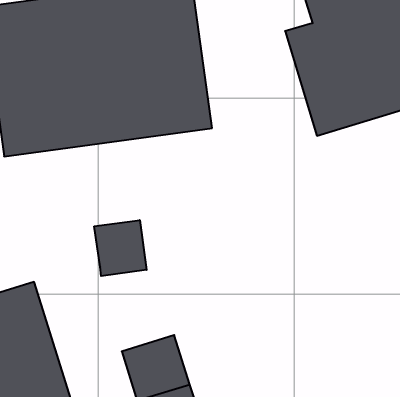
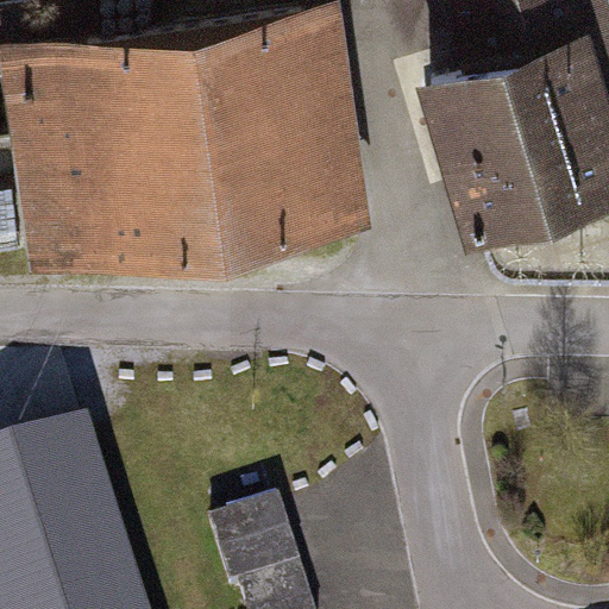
building: [94,220,147,276] -> none

